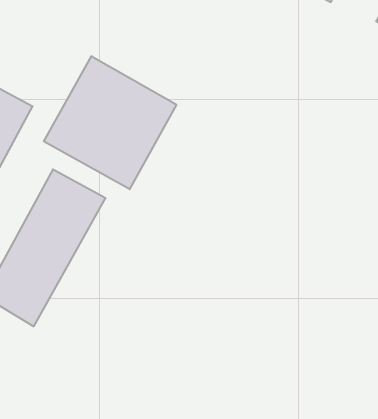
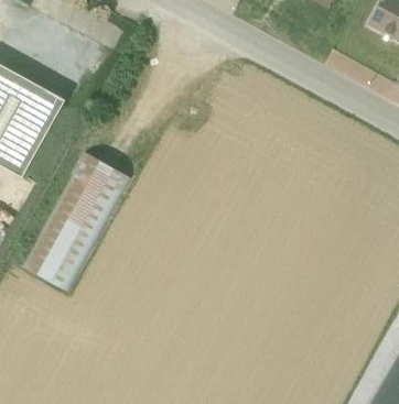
building: [44,56,176,189] -> none

